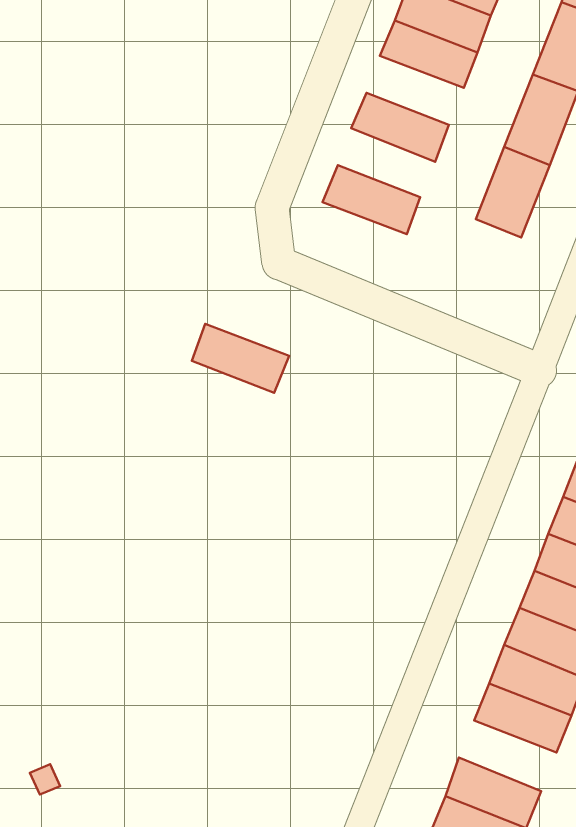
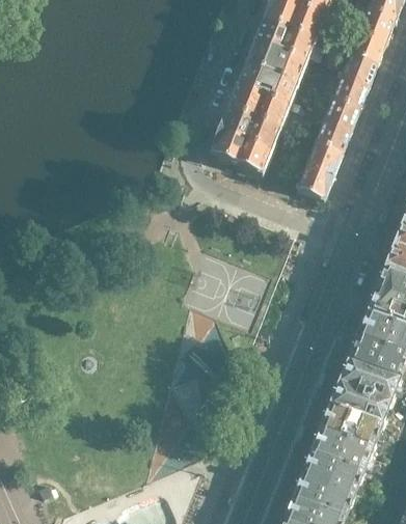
building: none -> [248,38,308,81]
building: none -> [231,83,291,126]
building: none -> [298,139,344,196]
building: [192,324,289,393] -> [213,129,273,171]
building: none -> [305,448,366,492]

